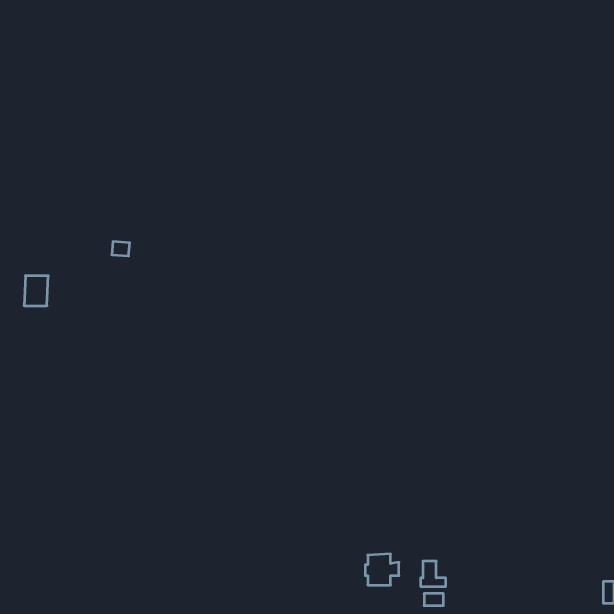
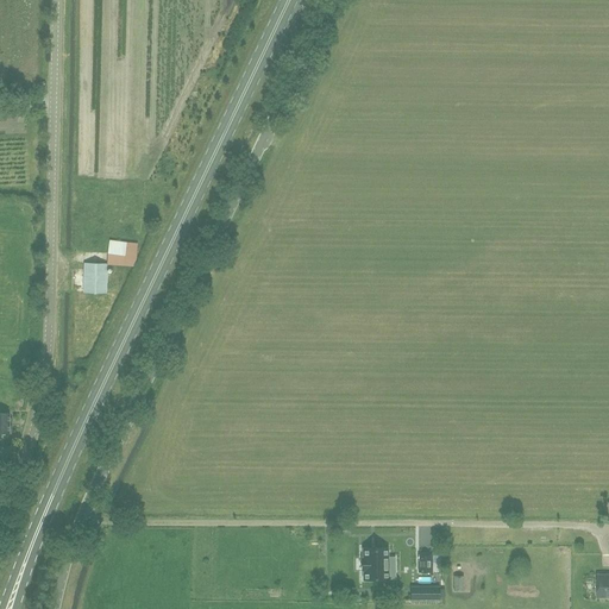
building: [24,276,48,306] -> [83,263,107,293]

